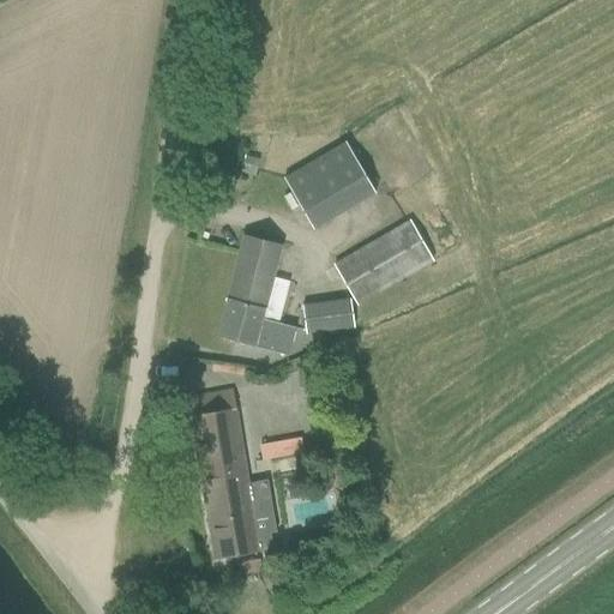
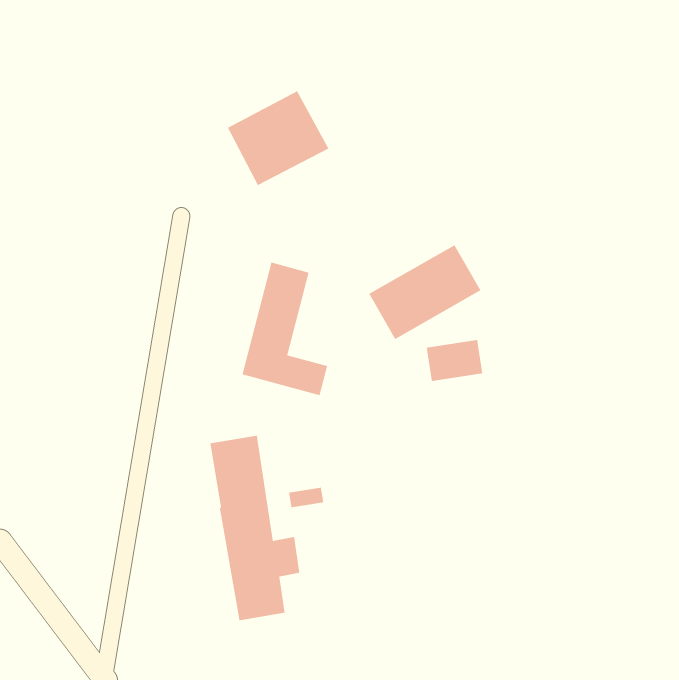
building: [287,139,379,225] -> [227,90,329,186]
building: [303,295,355,333] -> [426,339,483,382]

